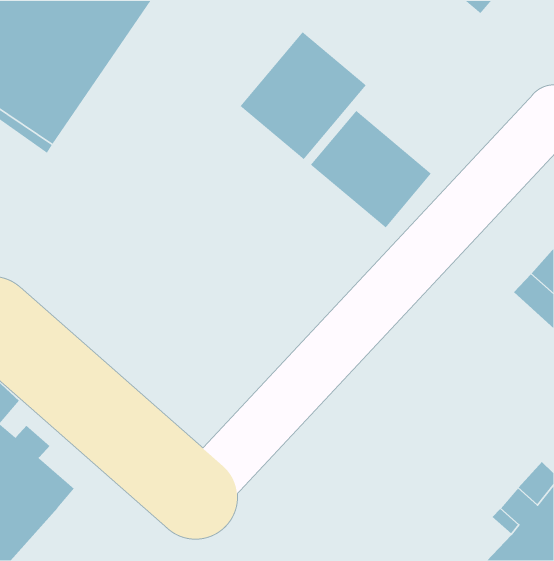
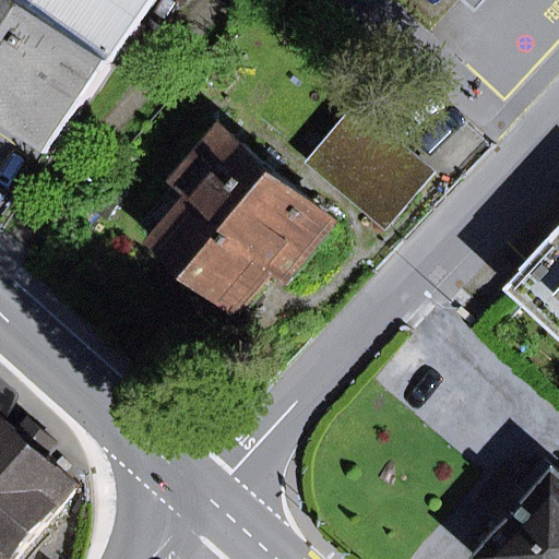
building: [239,31,367,160] -> none
building: none -> [142,131,333,308]

